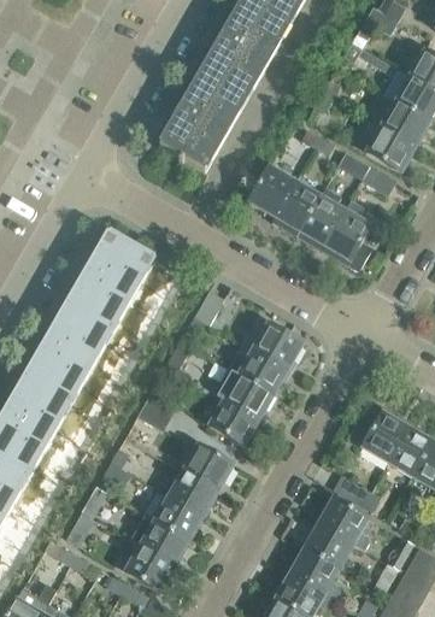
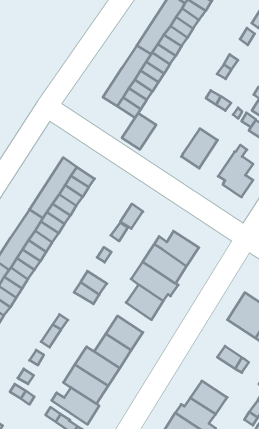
building: [248,166,294,216] -> [122,113,156,149]
building: [296,187,343,245] -> none
building: [313,498,368,550] -> none

